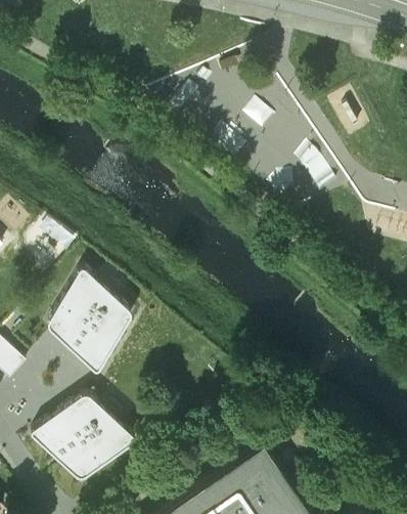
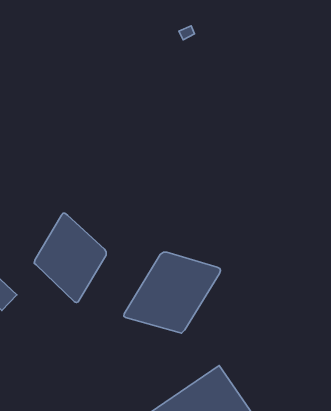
building: none -> [124,252,221,333]
building: [32,396,136,480] -> none

